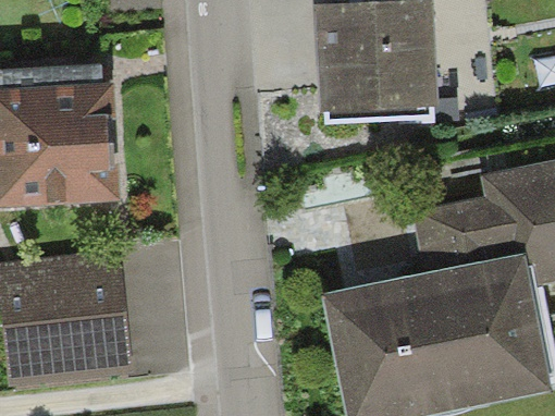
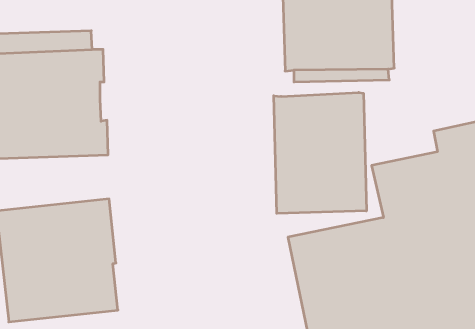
building: none -> [274,92,366,213]

